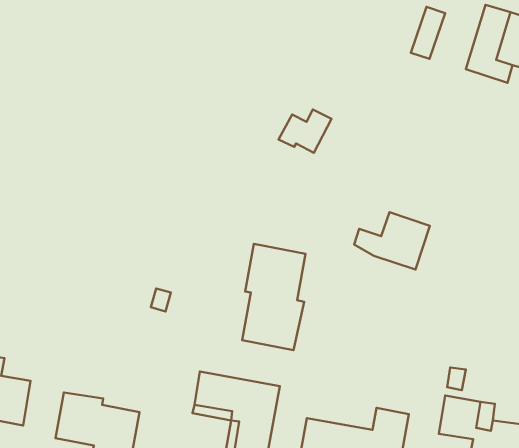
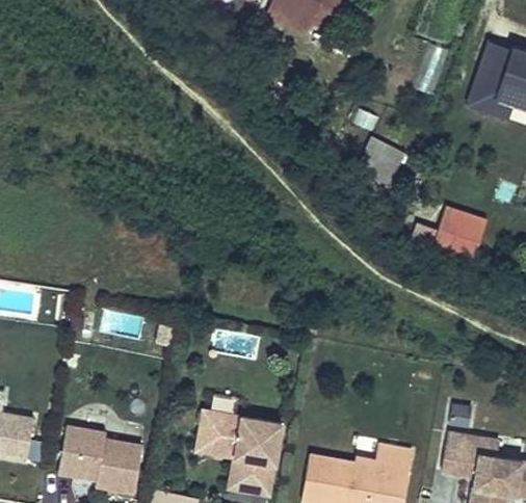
building: [279,109,332,153] -> [353,143,406,187]
building: [354,212,430,269] -> [412,207,488,264]
building: [242,244,305,350] -> none

